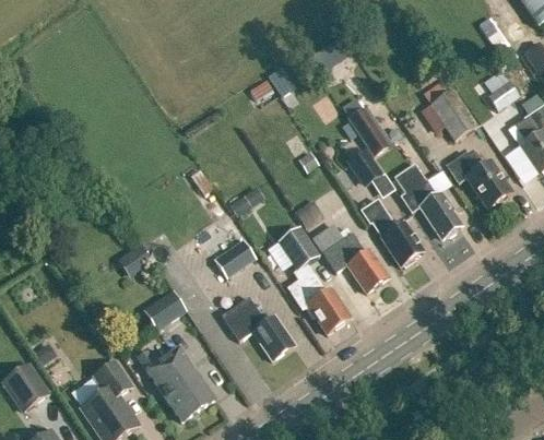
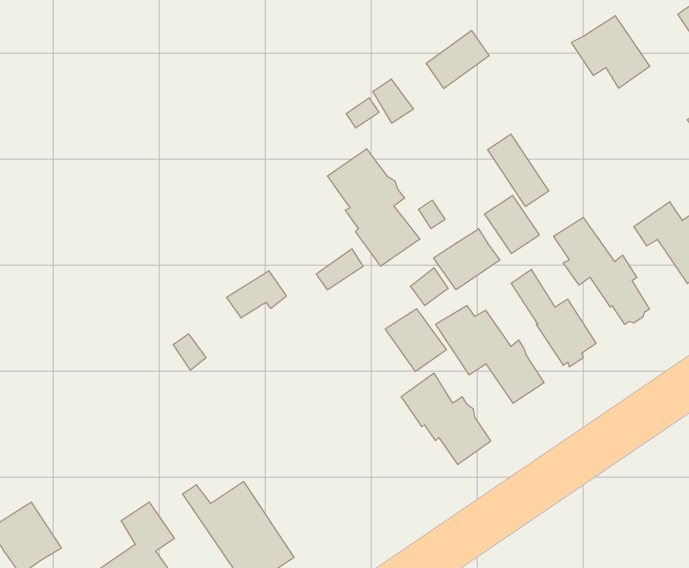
building: [423,88,477,139] -> [571,16,650,88]
building: none -> [328,149,420,266]
building: none -> [434,229,500,290]
building: [214,239,256,272] -> [227,271,286,318]
building: [142,287,186,330] -> none
building: [222,296,295,359] -> none

